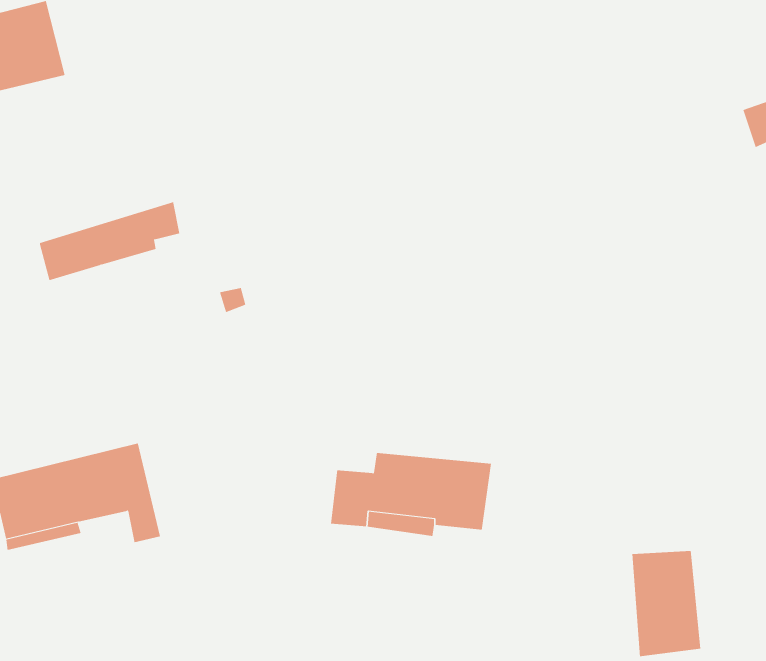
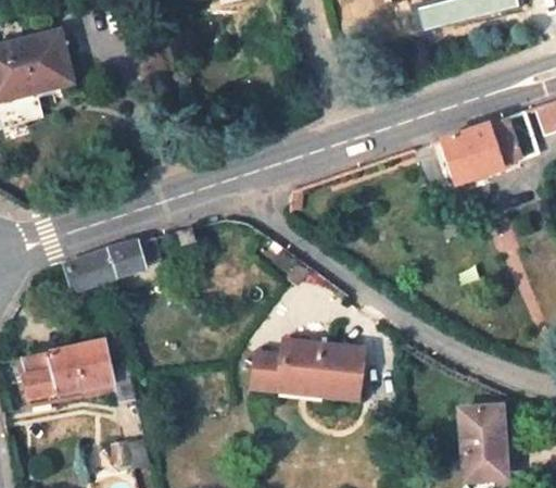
building: none -> [441,111,538,184]
building: [39,202,180,281] -> [67,236,164,290]

